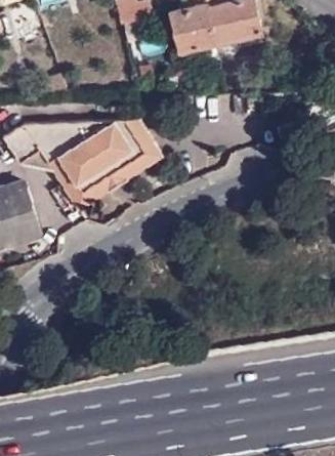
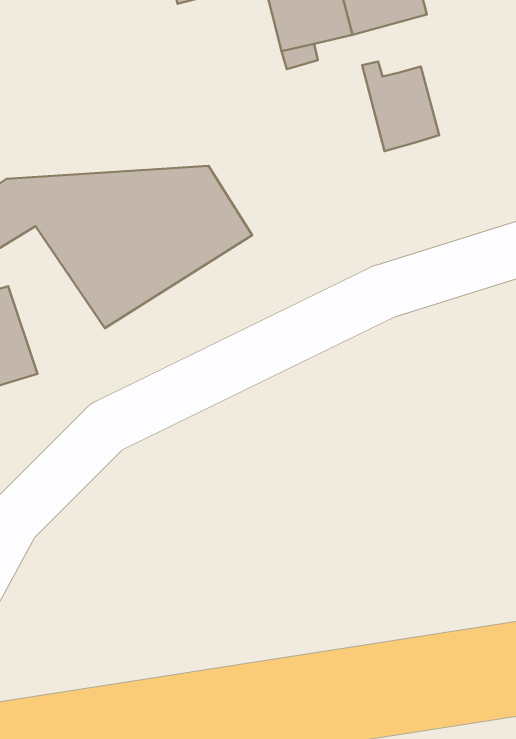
building: none -> [362,61,439,151]

